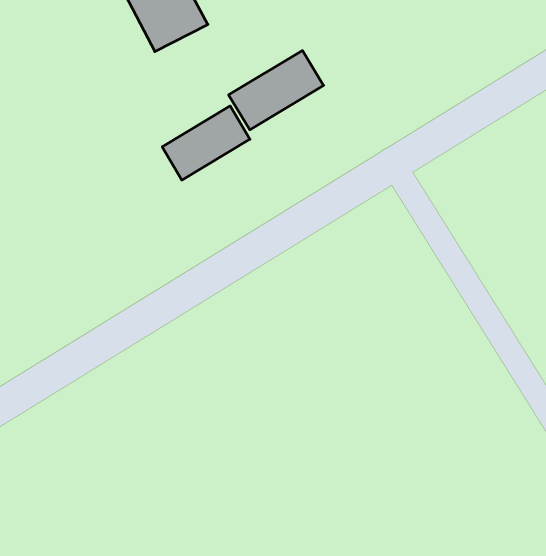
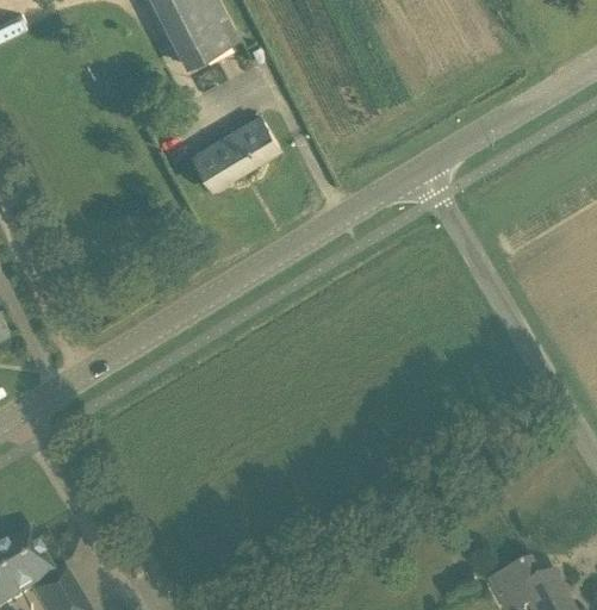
building: [229,51,324,130] -> none

